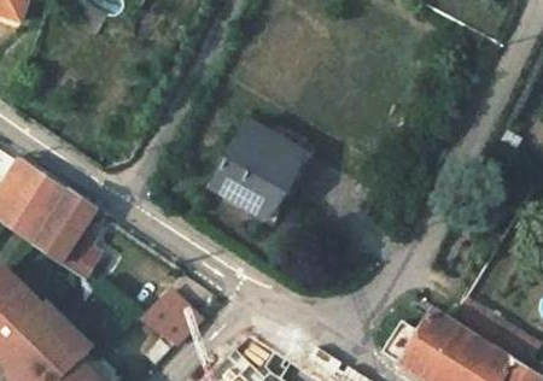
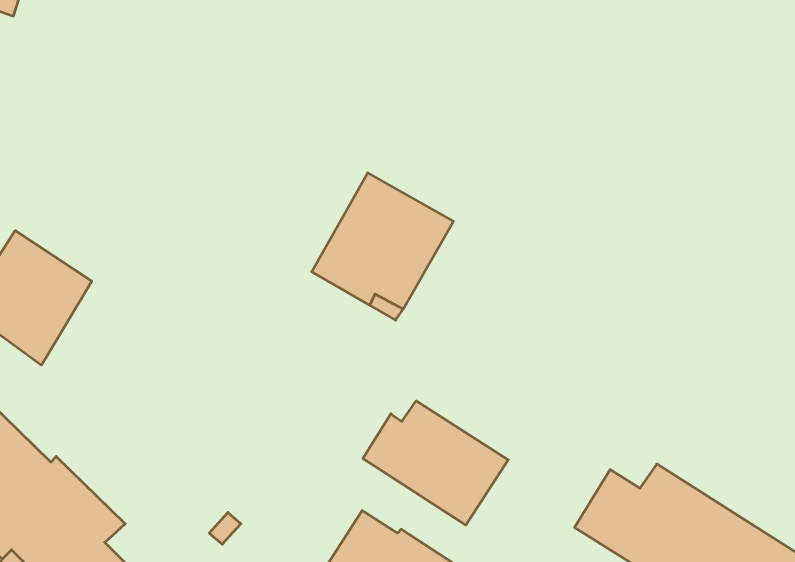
building: [37,192,100,280] -> none
building: none -> [363,401,508,525]
building: [140,291,202,345] -> none

